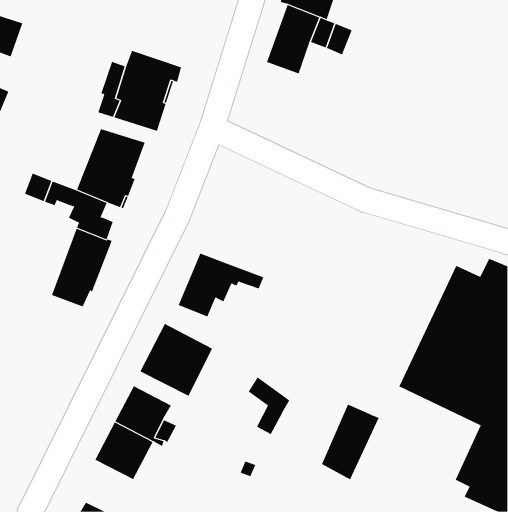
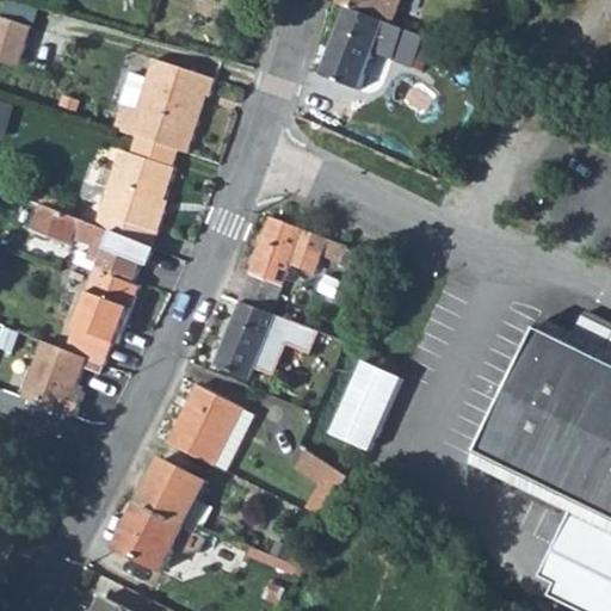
building: none -> [236,215,364,313]
building: none -> [18,342,99,419]
building: [321,404,380,480] -> [332,359,401,450]

